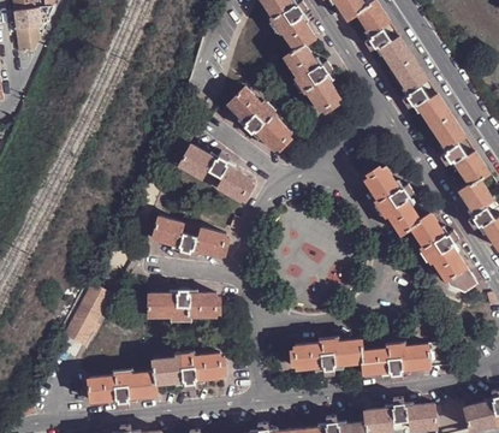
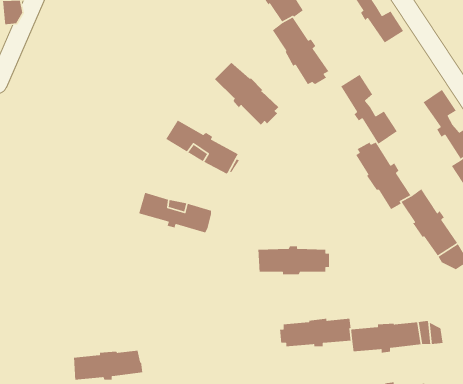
building: [394,59,451,129] -> [340,74,398,145]
building: [65,284,111,346] -> none
building: [148,291,219,320] -> [258,246,330,275]
building: [153,354,225,384] -> none

